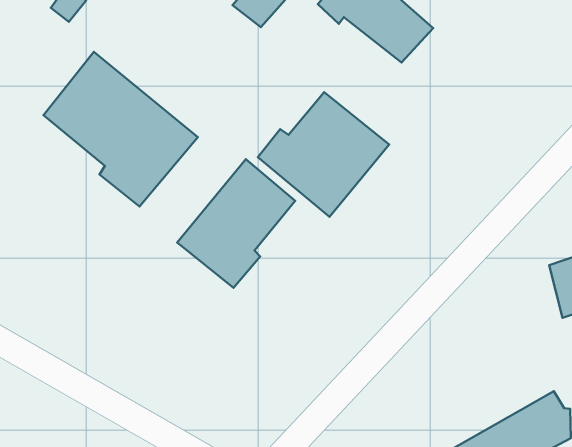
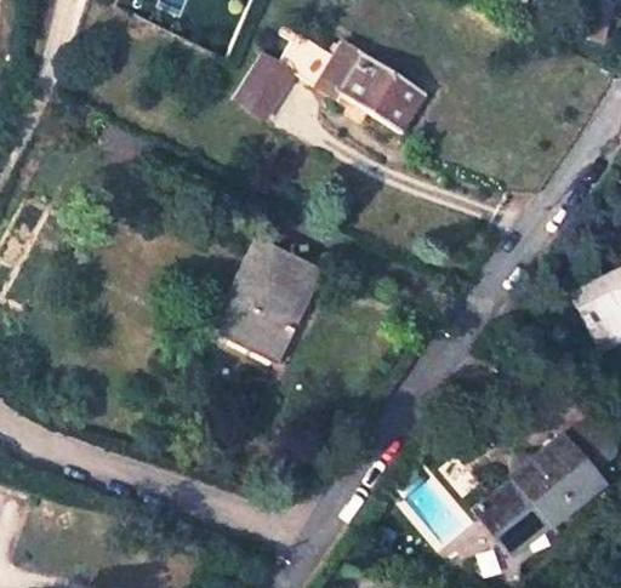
building: [43,52,198,207] -> none
building: [258,92,389,217] -> none

